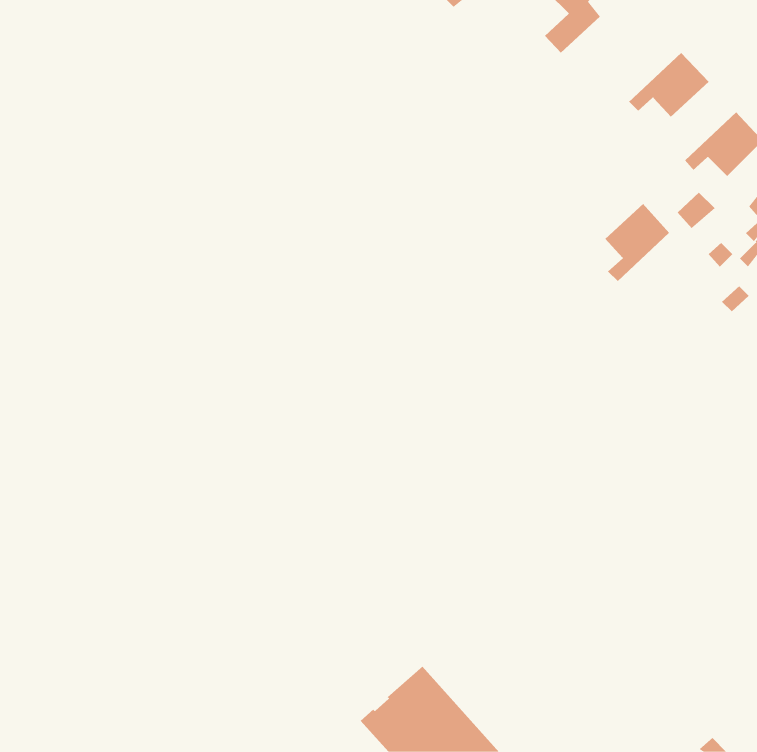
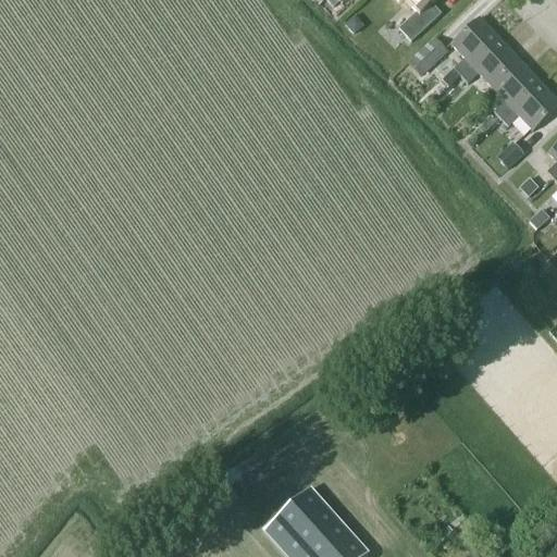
building: none -> [453,16,500,75]
building: none -> [409,37,448,75]
building: [604,203,670,282] -> [493,60,541,117]

